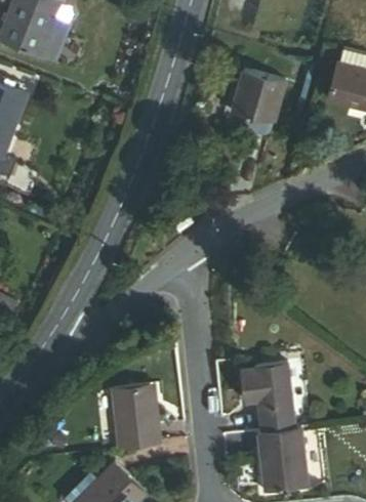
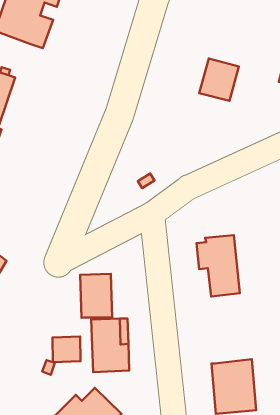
building: none -> [80,274,112,318]
building: [241,363,292,435] -> [197,235,240,297]
building: none -> [53,337,80,362]

